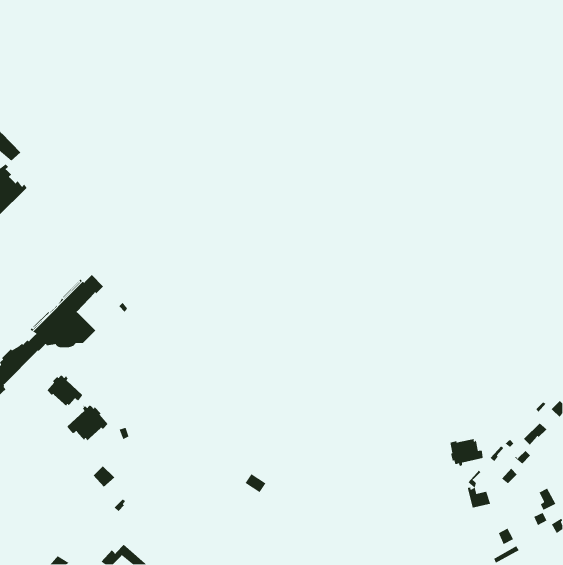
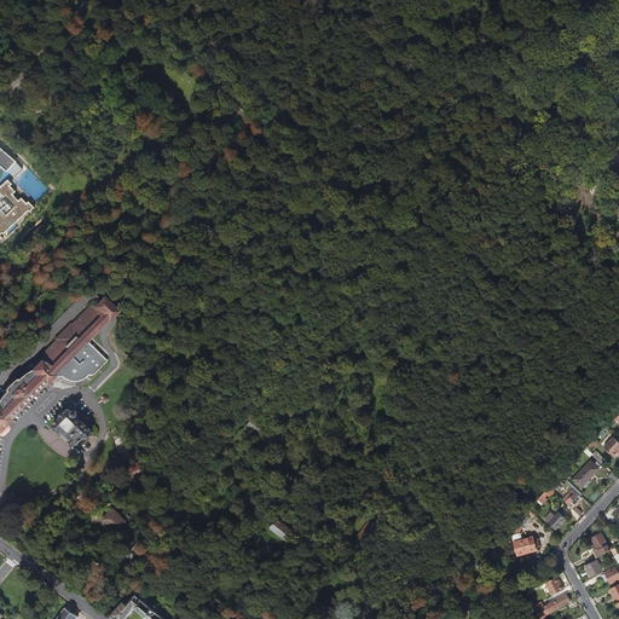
building: [67,405,109,441] -> none
building: [450,438,484,468] -> none

